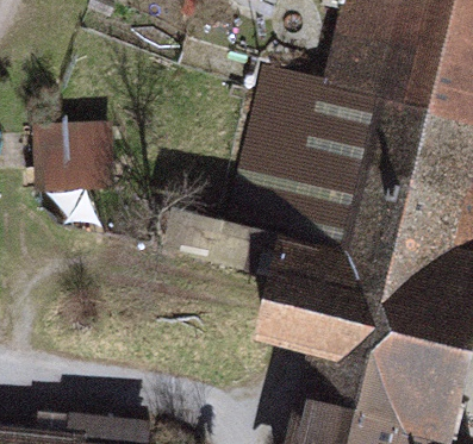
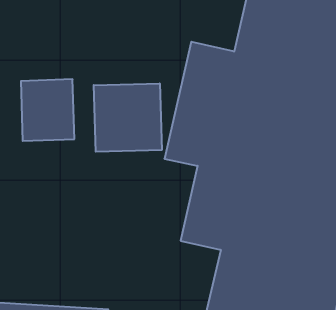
building: none -> [94,83,162,152]

